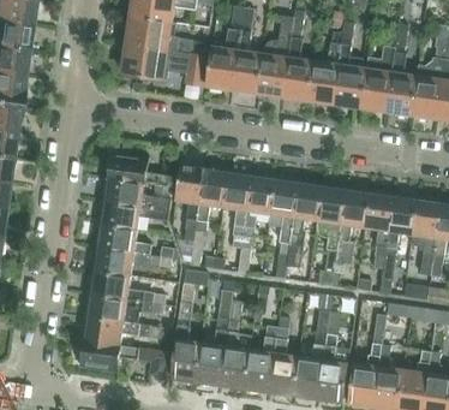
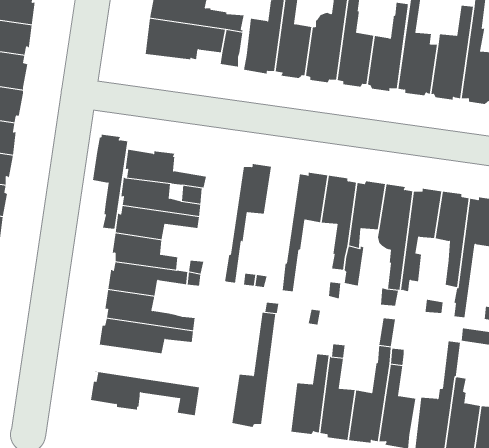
building: [175,162,205,242] -> [92,134,128,229]
building: [223,168,252,249] -> none
building: [170,283,202,382] -> none
building: [221,299,250,390] -> none
building: [82,317,172,345] -> none

